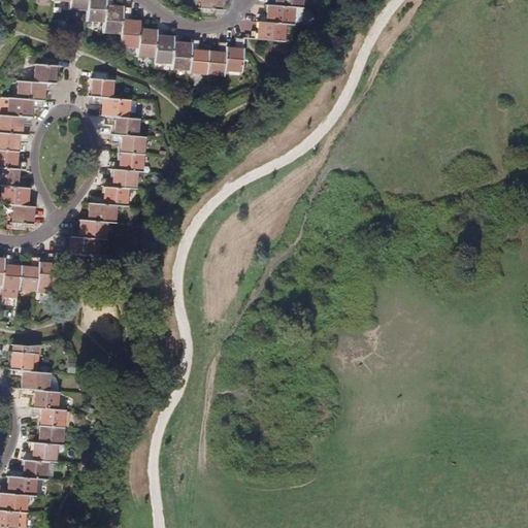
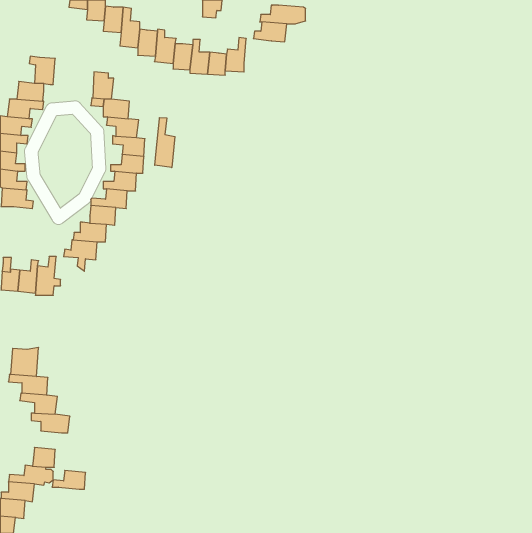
building: none -> [155,118,175,168]
building: [12,204,33,231] -> none
building: [29,426,62,444] -> [52,470,86,489]

